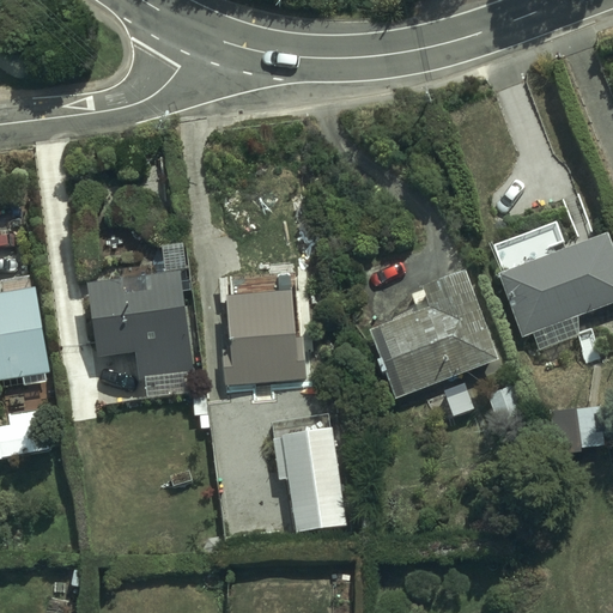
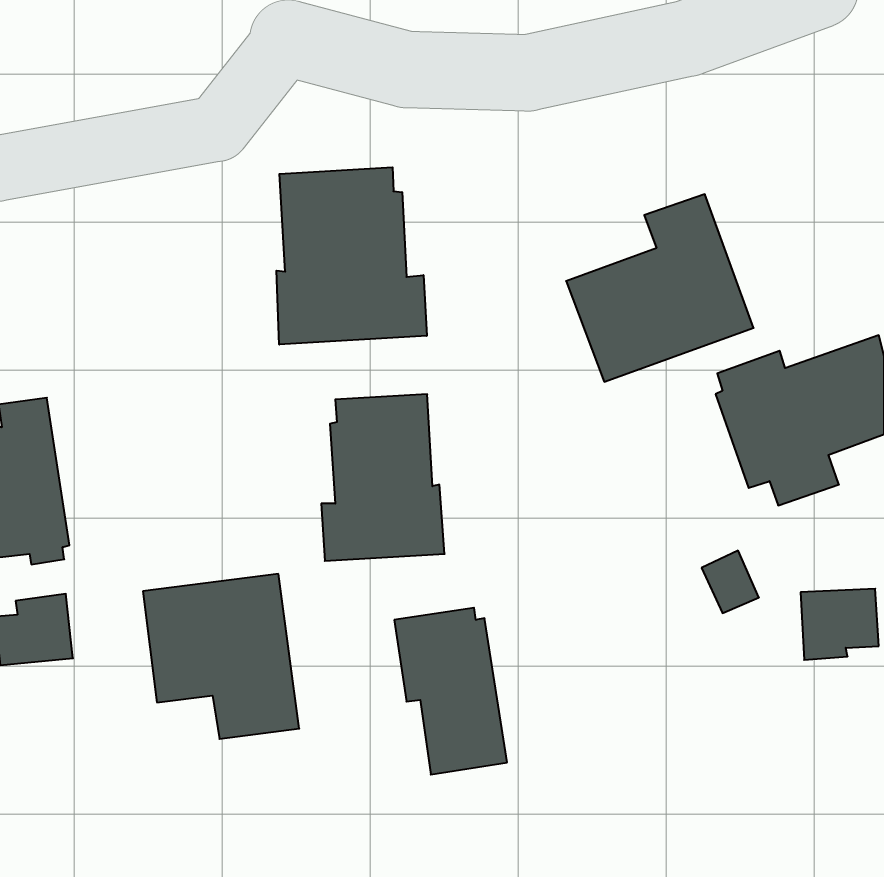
building: none -> [276,167,427,345]
building: [86,267,194,381] -> [143,574,299,739]
building: [369,269,498,399] -> [566,194,754,382]

